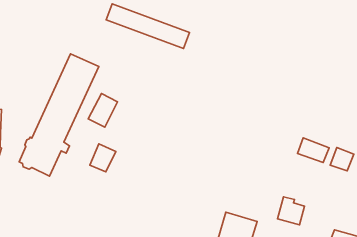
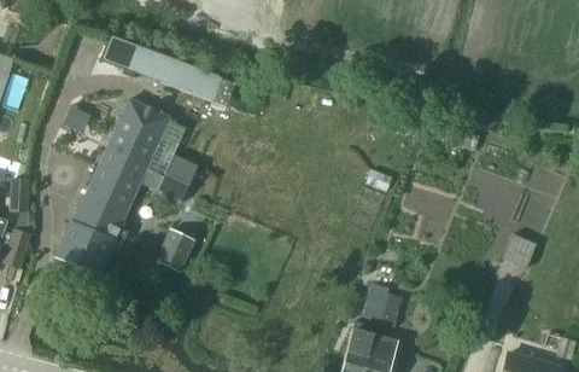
building: [106,4,190,48] -> [103,37,222,101]
building: [297,138,329,162] -> none
building: [278,197,304,225] -> [363,284,402,324]

